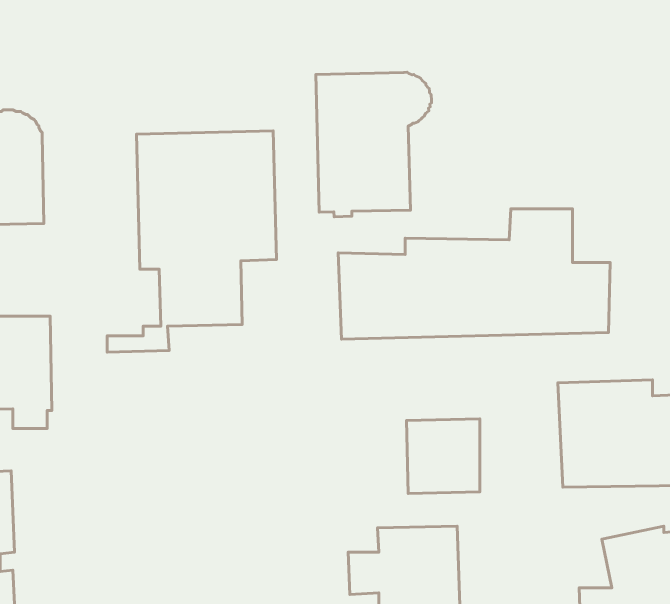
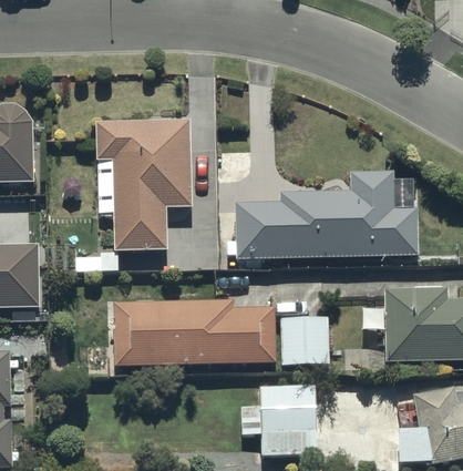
building: [316,72,432,217] -> none
building: none -> [112,299,276,367]

